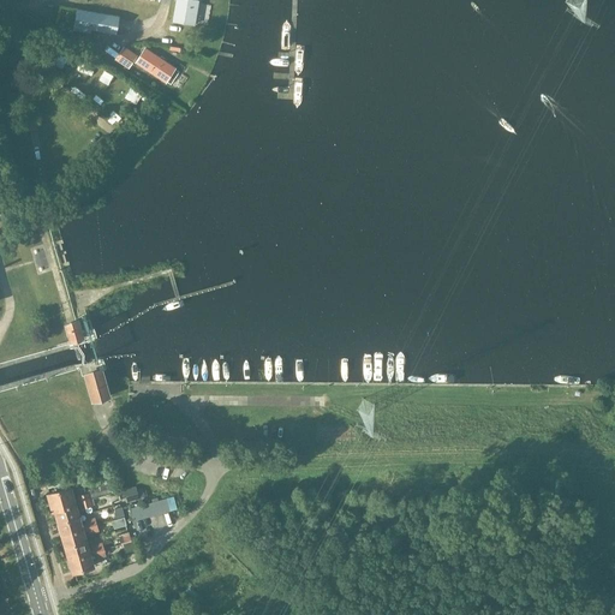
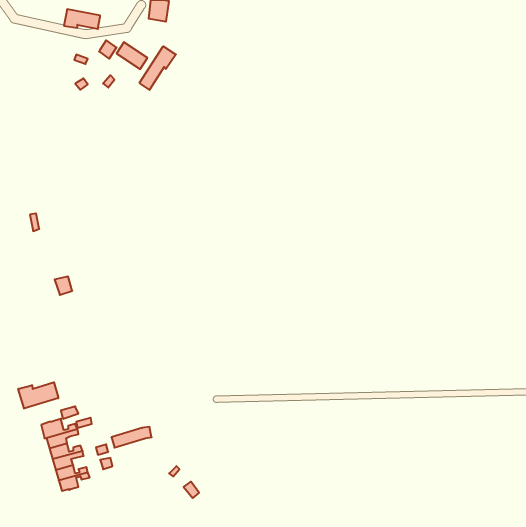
building: none -> [139,46,176,90]
building: [84,369,112,404] -> none
building: none -> [18,382,58,409]

